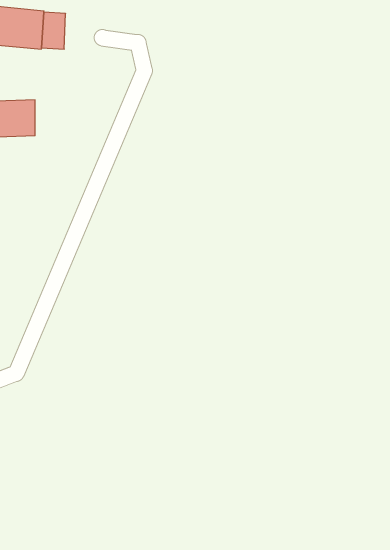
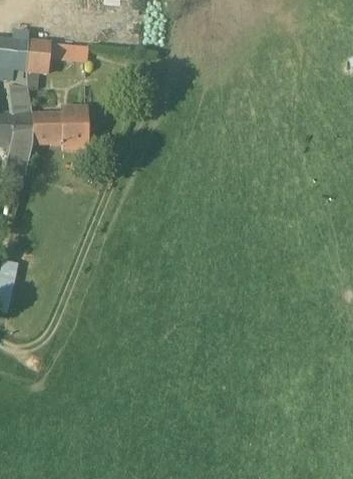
building: none -> [64,106,88,148]

